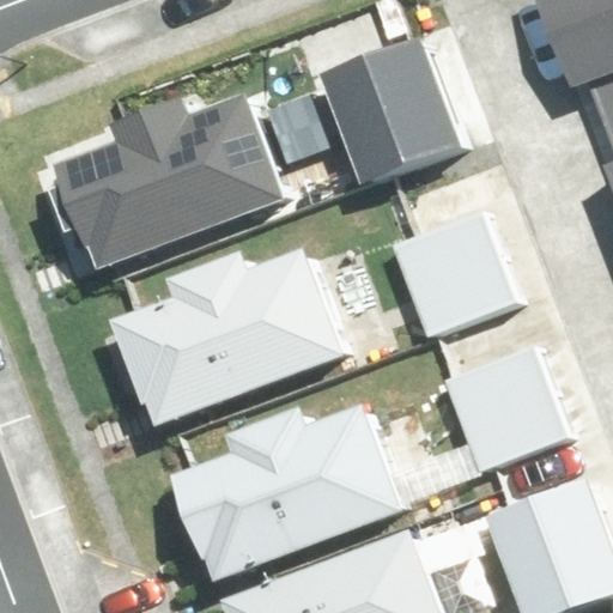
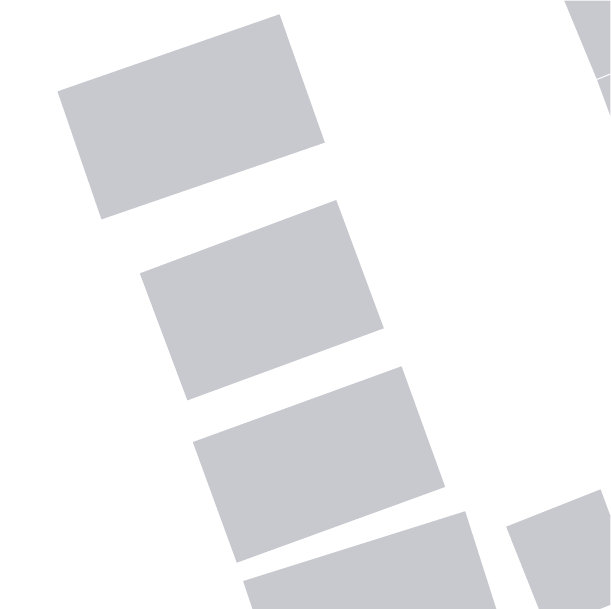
building: [326,49,465,194] -> none
building: [389,226,512,352] -> none
building: [445,364,566,475] -> none

